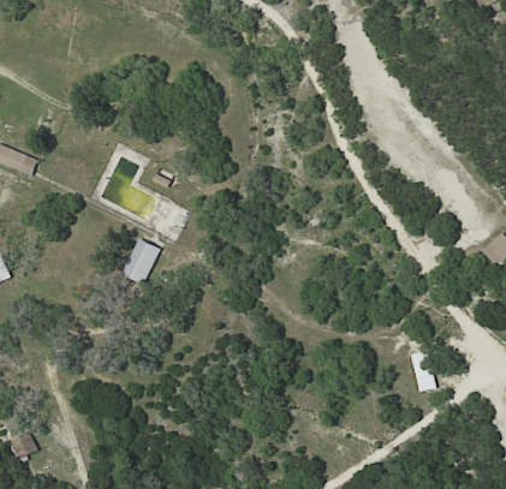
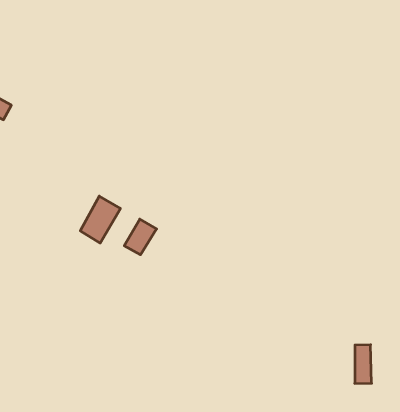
building: none -> [124,219,157,255]

